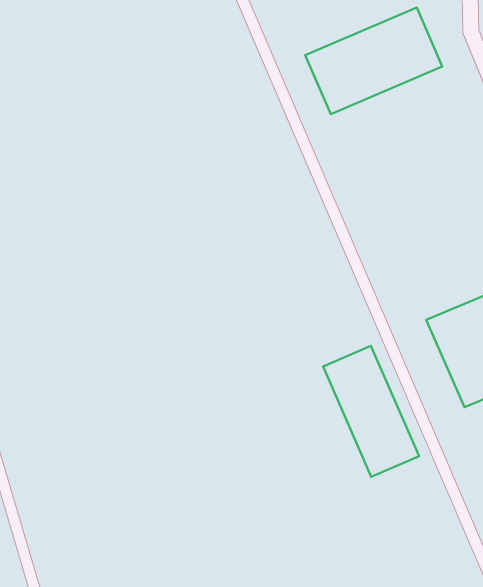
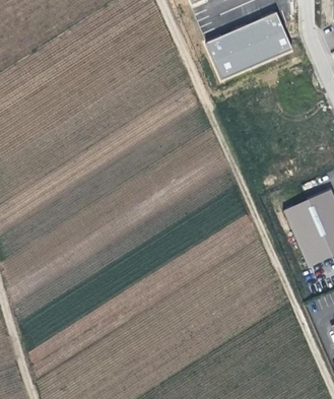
building: [323,346,419,477] -> none

